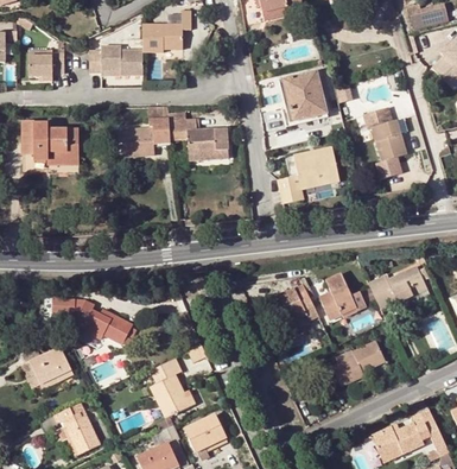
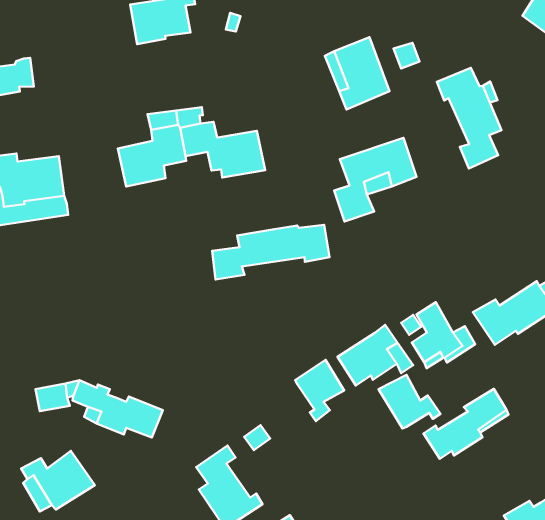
building: [94,47,147,76] -> none
building: none -> [212,225,330,280]
building: none -> [295,360,344,421]
building: none -> [379,375,440,428]

